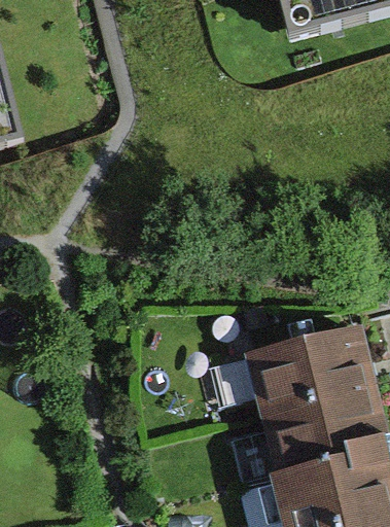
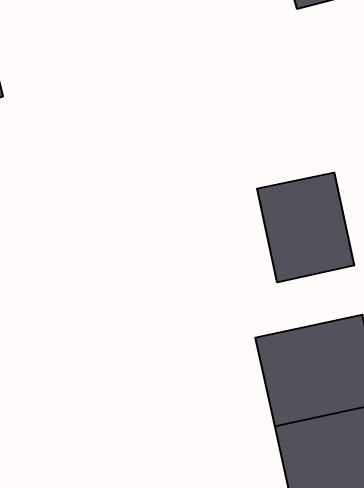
building: none -> [257,173,354,282]

